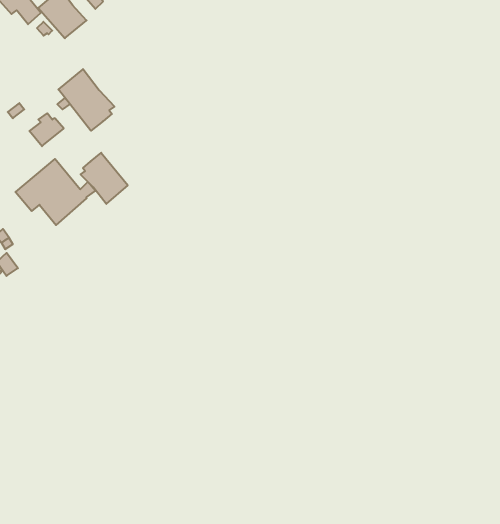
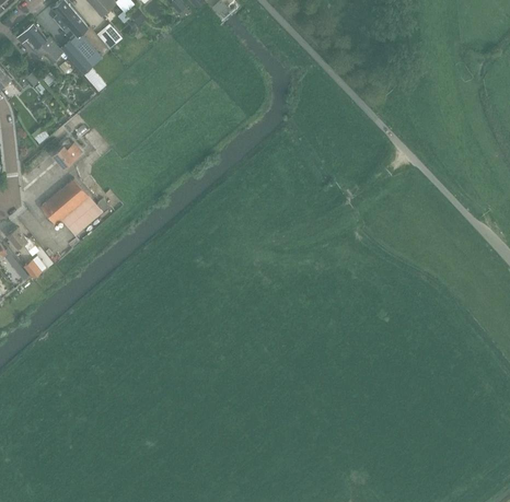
building: [58,69,114,131] -> none
building: [81,153,128,204] -> none

